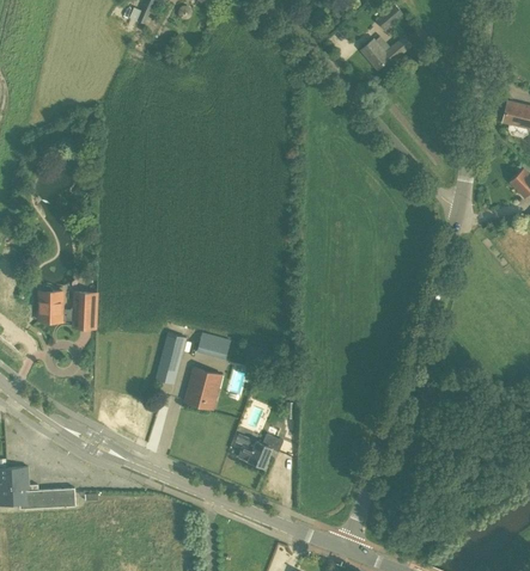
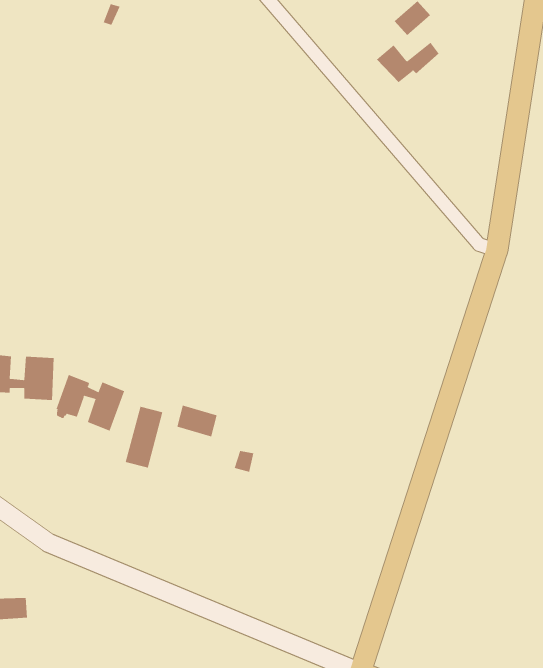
building: none -> [56,374,125,431]
building: [183,368,223,410] -> none
building: [237,434,284,468] -> none

